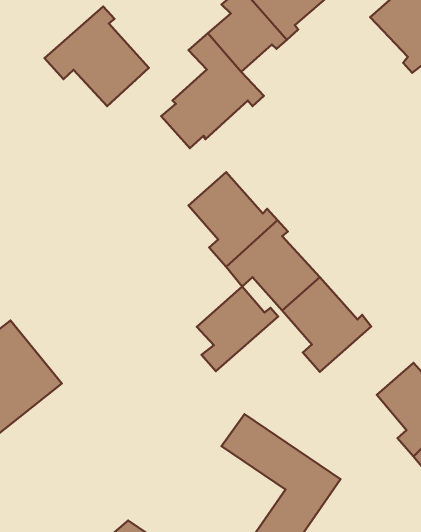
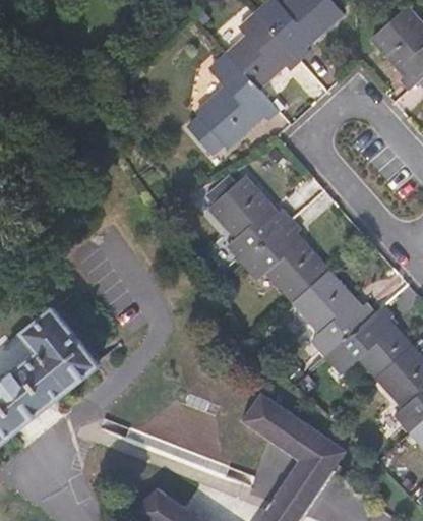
building: [44,6,149,106] -> none
building: [197,286,278,371] -> none
building: none -> [327,306,411,375]

